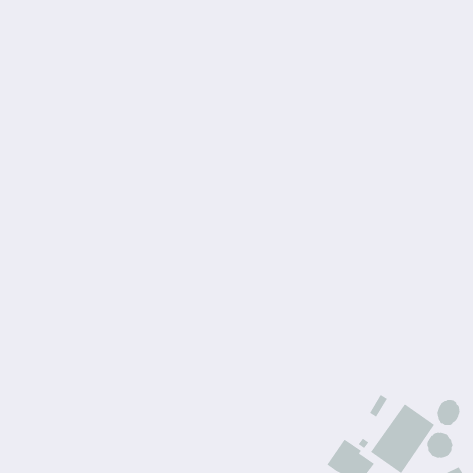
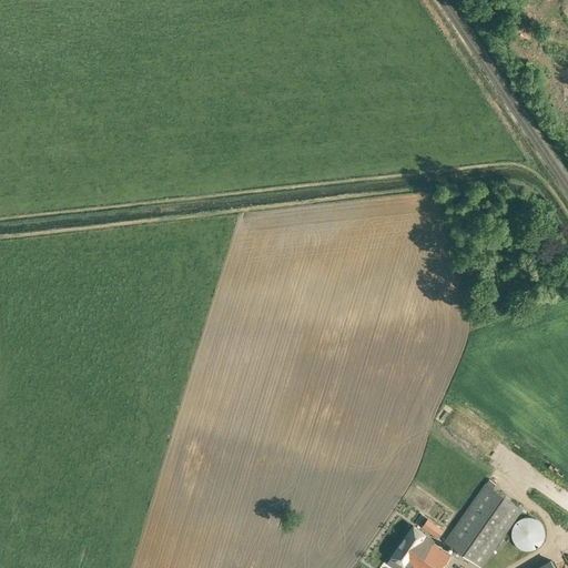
building: [437,399,460,426] -> none

